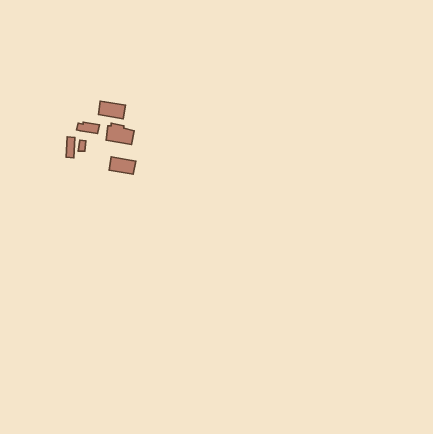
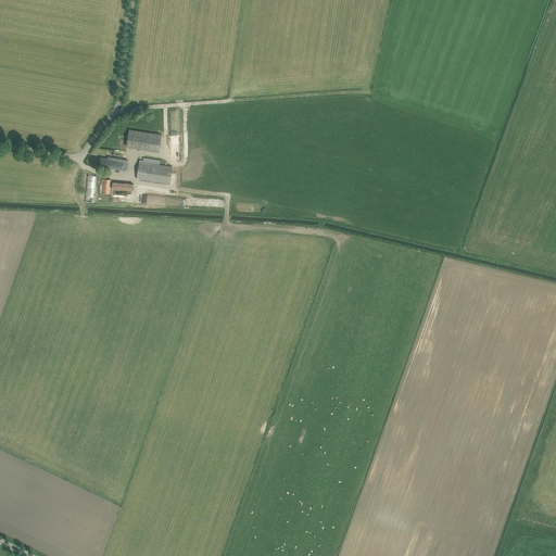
building: [109,157,136,174] -> none

